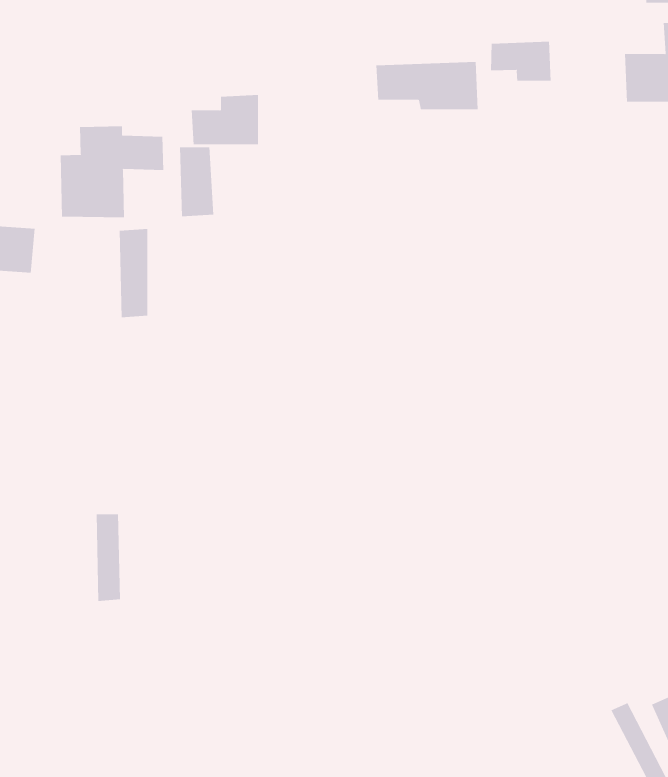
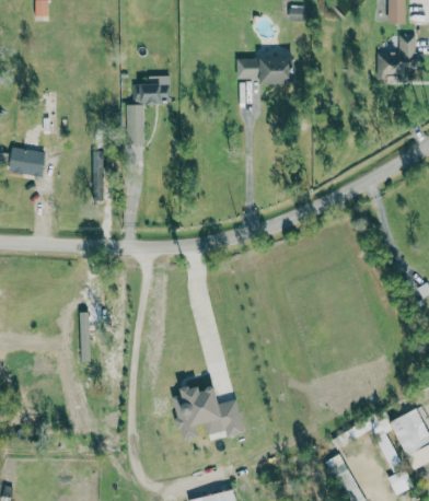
building: [490,41,551,82] -> none
building: [60,126,164,218] -> none
building: none -> [171,383,244,439]

